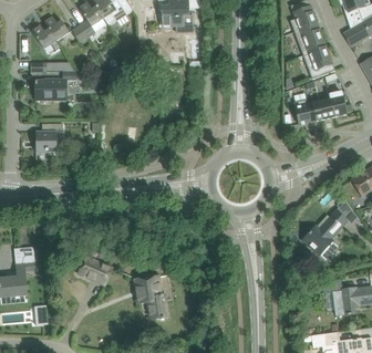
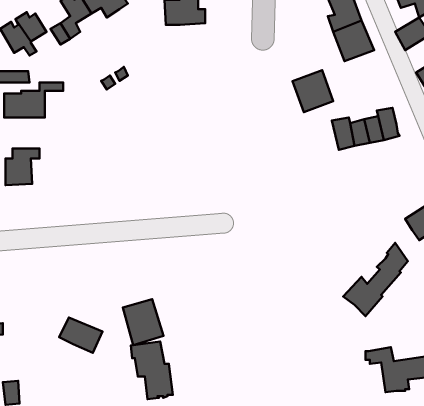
building: [303,46,335,80] -> [293,70,333,112]
building: none -> [123,299,164,345]

